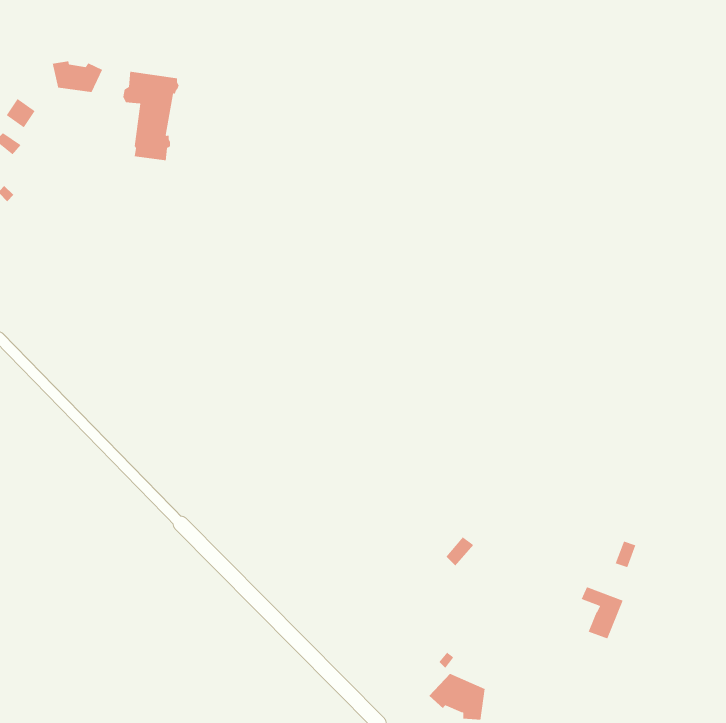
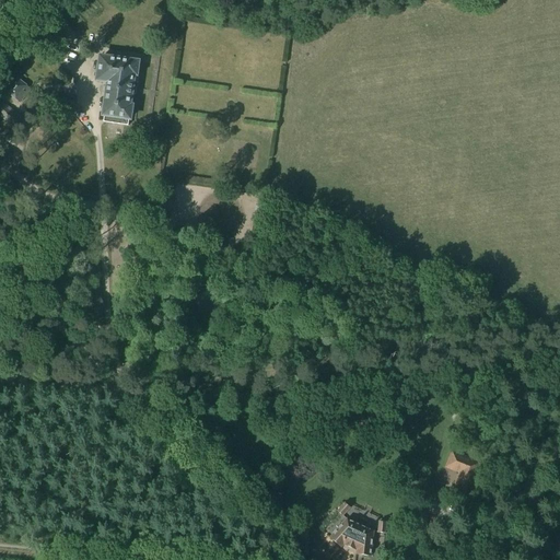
building: [52,61,103,93] -> none

